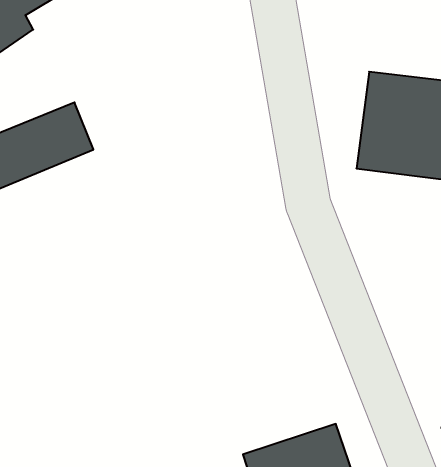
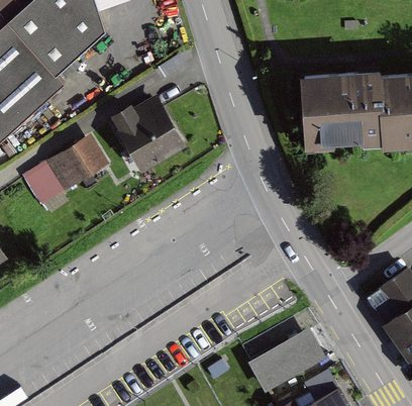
building: none -> [111,97,189,174]

